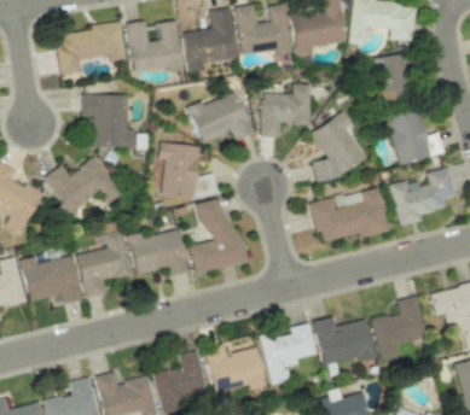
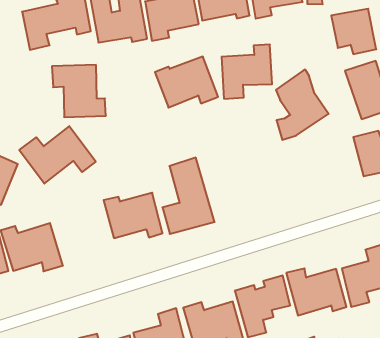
building: [159,142,219,198] -> none
building: [311,188,389,244] -> none
building: [77,230,133,299] -> none

